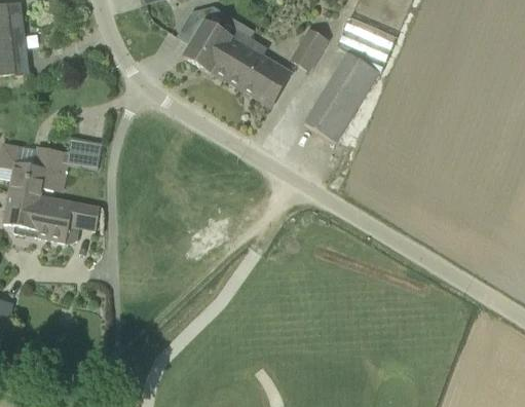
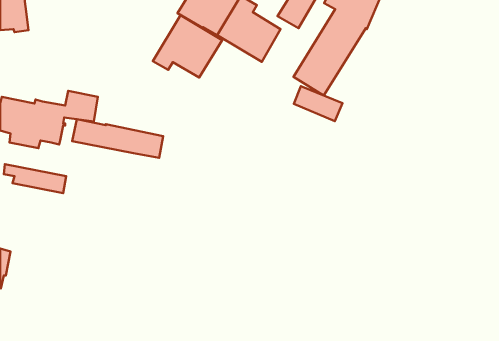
building: none -> [153,15,222,77]
building: none -> [294,86,343,121]
building: [5,189,100,229] -> [72,119,163,158]

